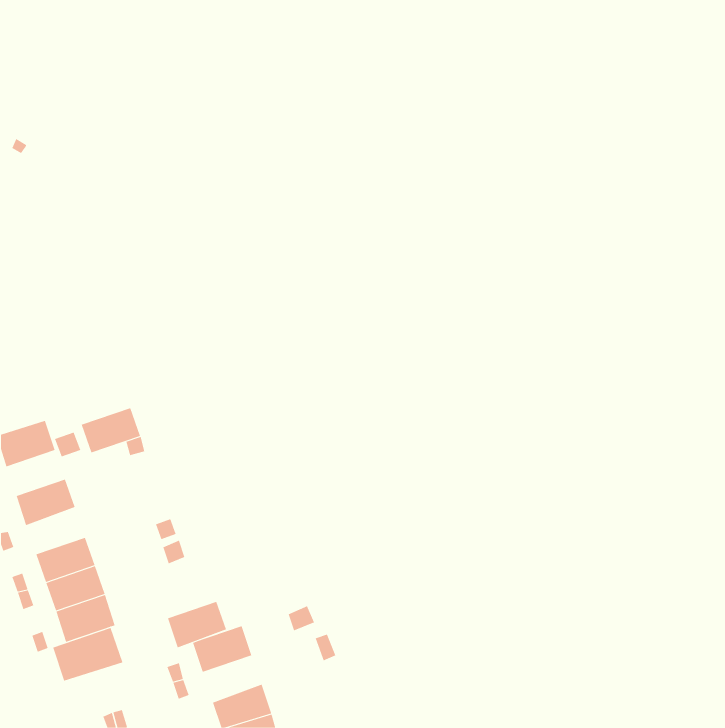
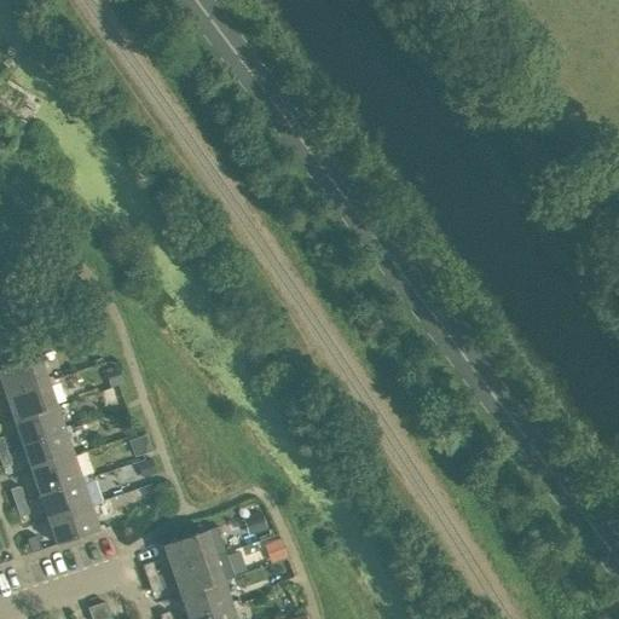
building: [81,408,141,453] -> [7,382,58,421]
building: none -> [24,430,75,470]
building: [167,601,227,648] -> [174,556,225,596]
building: [52,627,123,682] -> none

